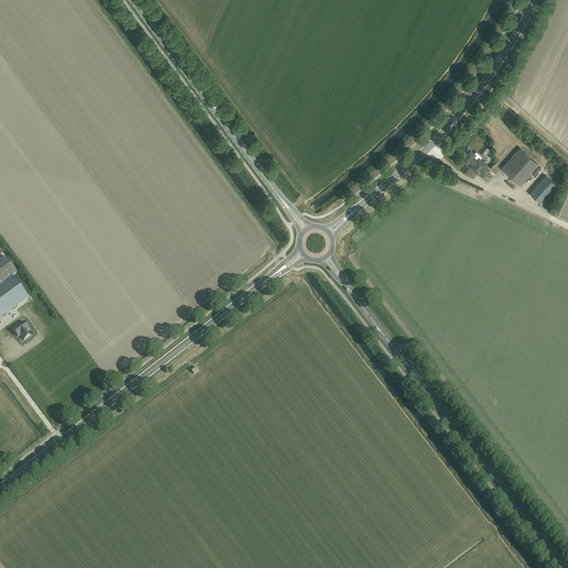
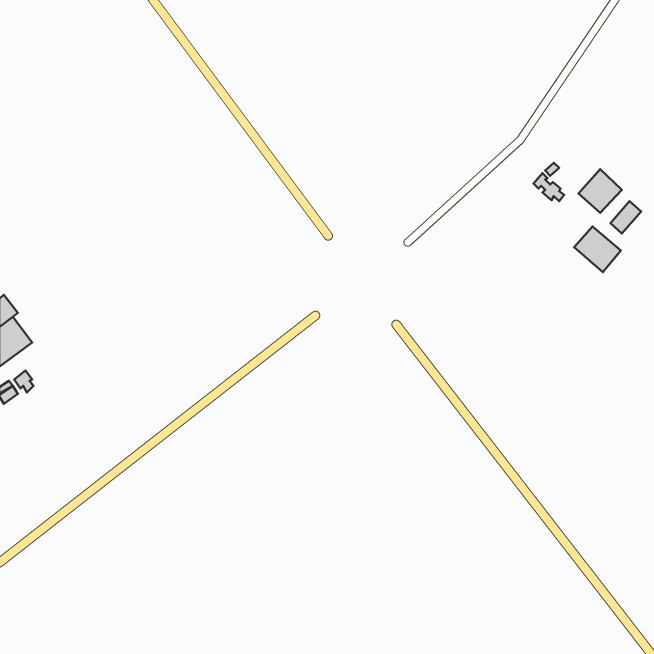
building: none -> [574,227,621,272]

